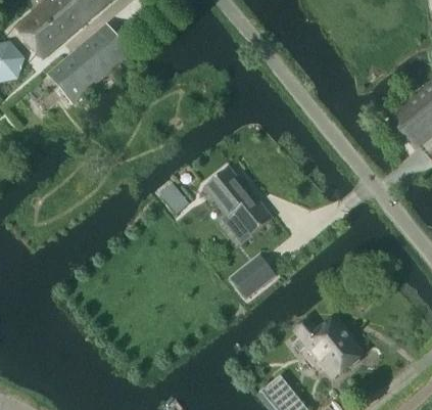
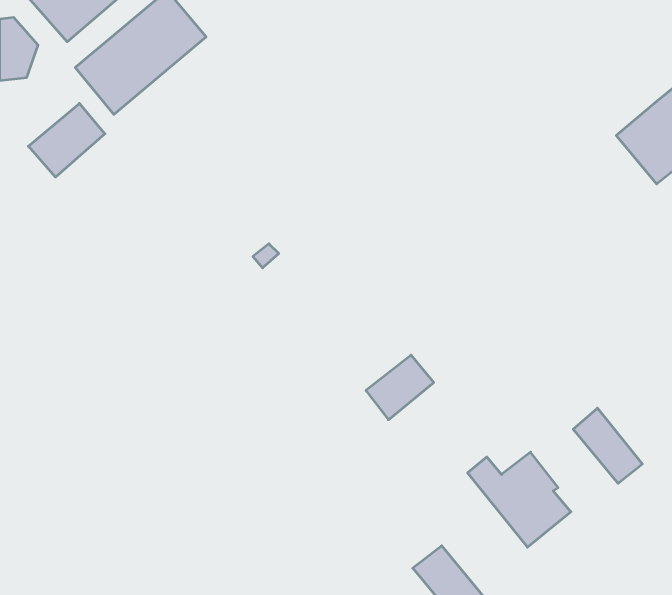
building: none -> [28,103,105,177]
building: [204,167,273,244] -> none
building: none -> [573,408,642,483]

